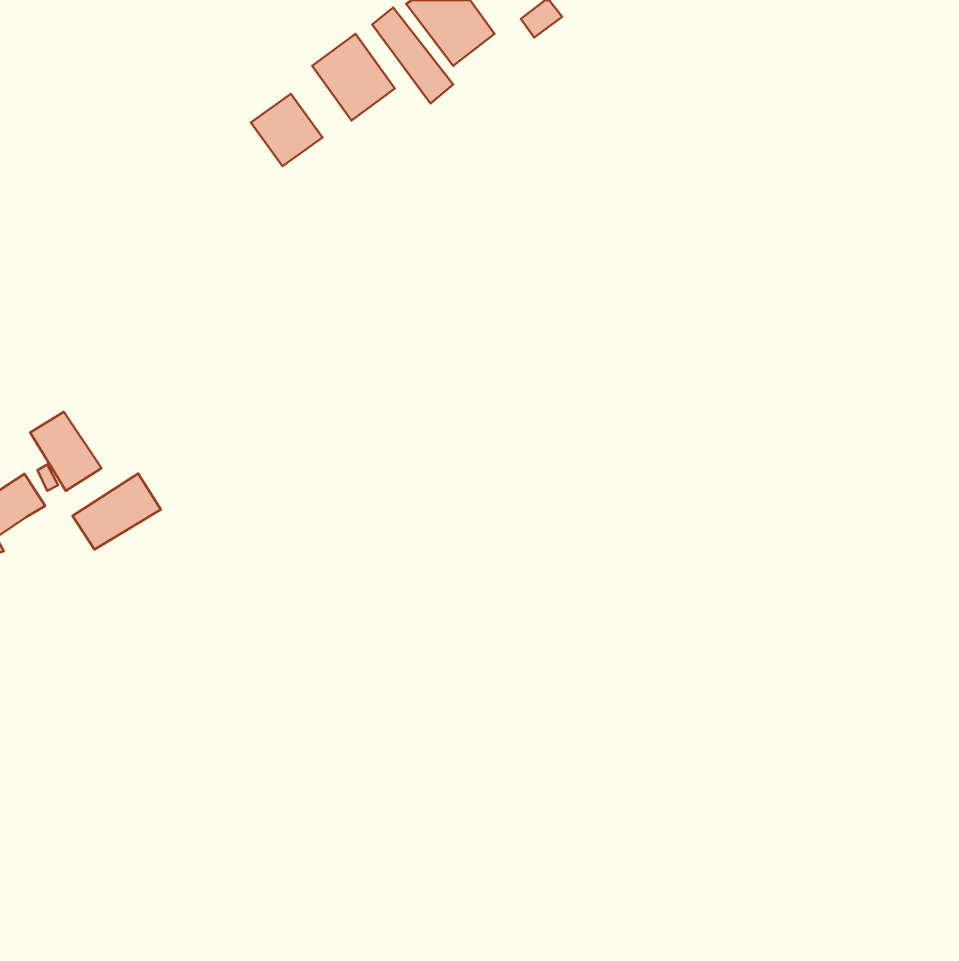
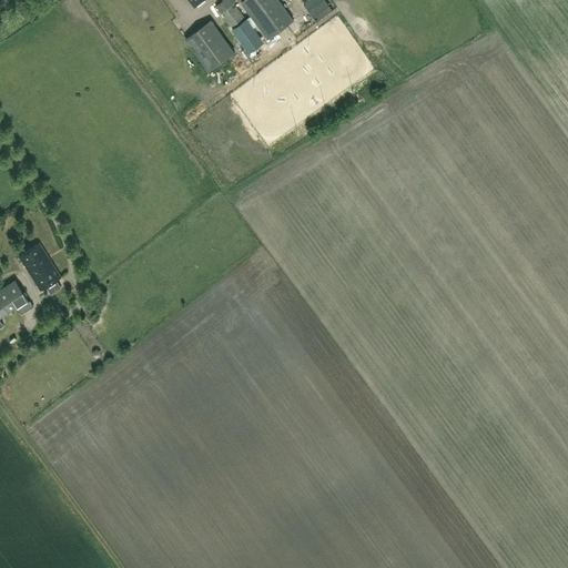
building: [251,94,322,166] -> none
building: [72,473,161,549] -> none

